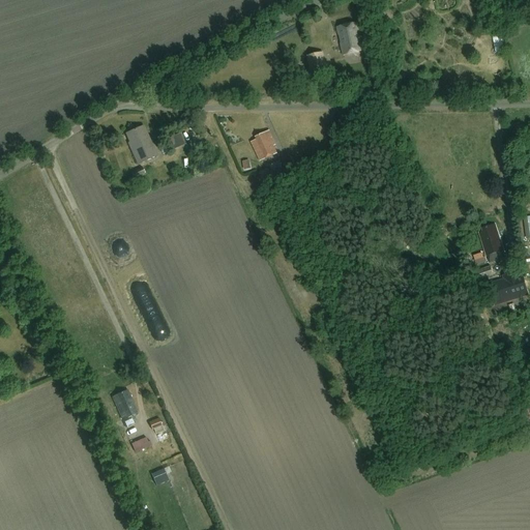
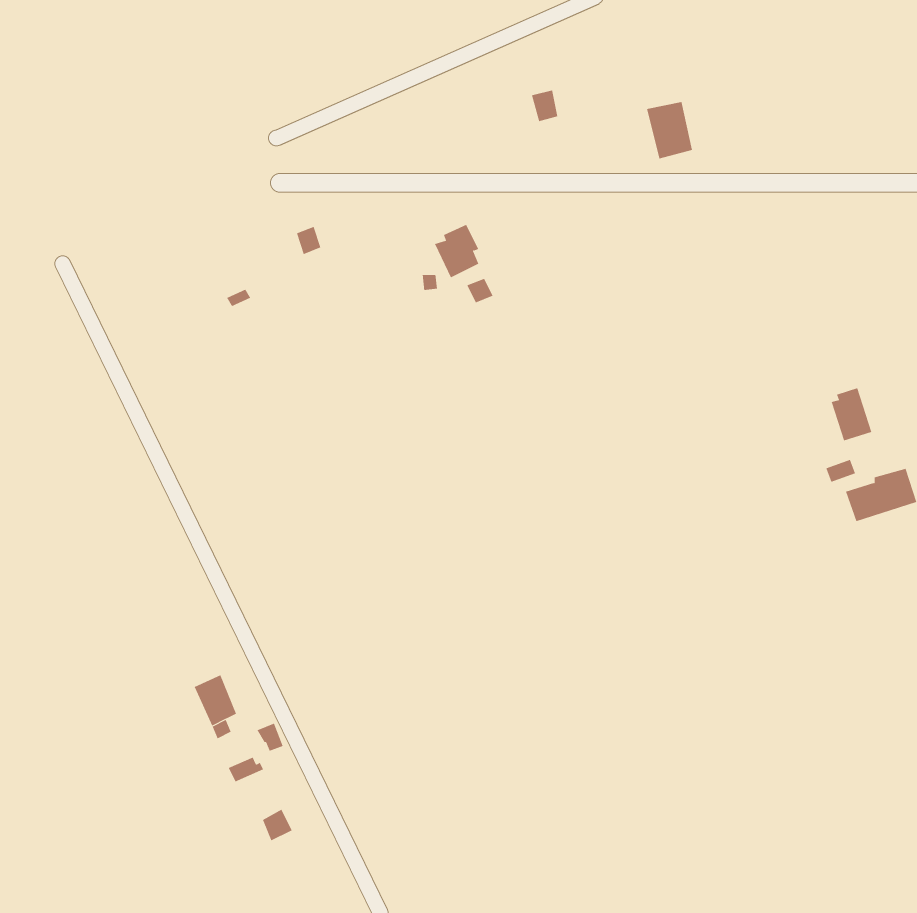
building: [336,22,363,55] -> [646,102,693,159]
building: [127,124,157,164] -> none

